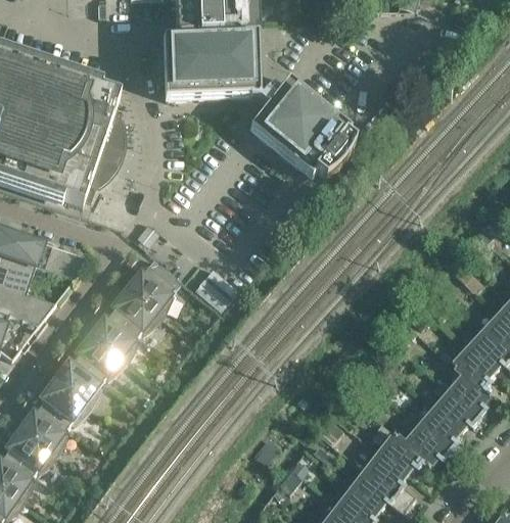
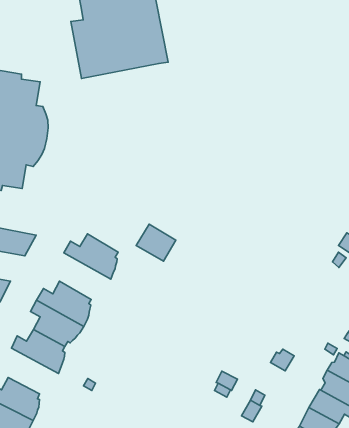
building: [248,75,354,179] -> none
building: [106,280,161,334] -> none
building: [35,373,90,426] -> none

